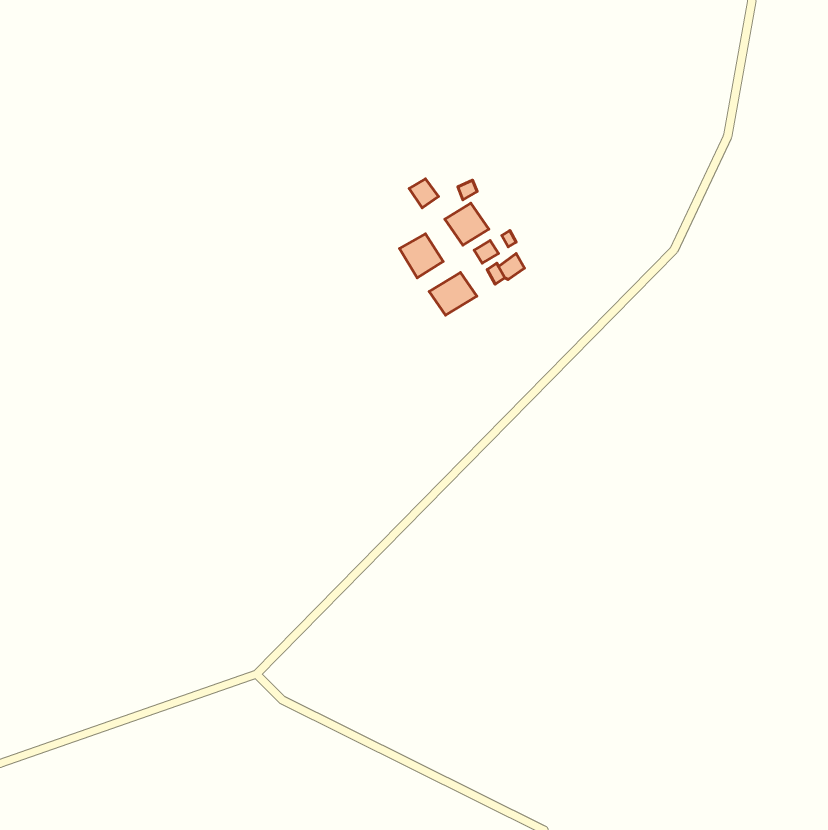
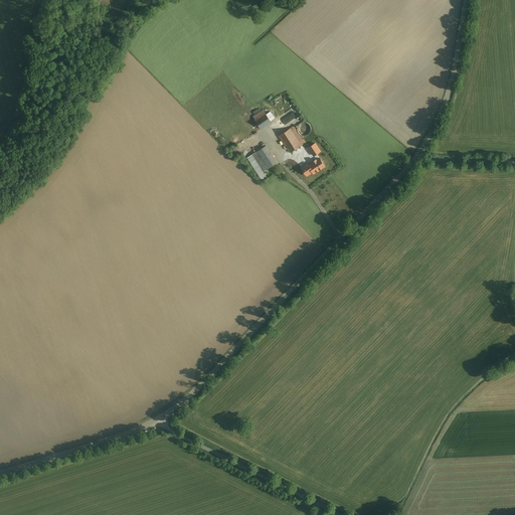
building: [429,272,477,315] -> none

